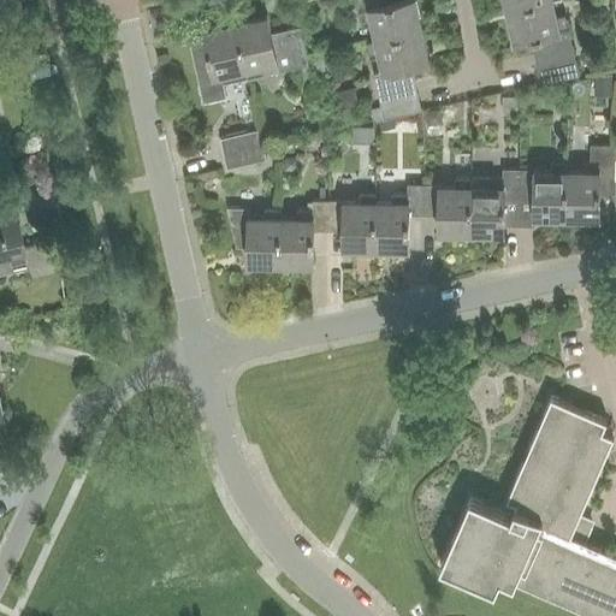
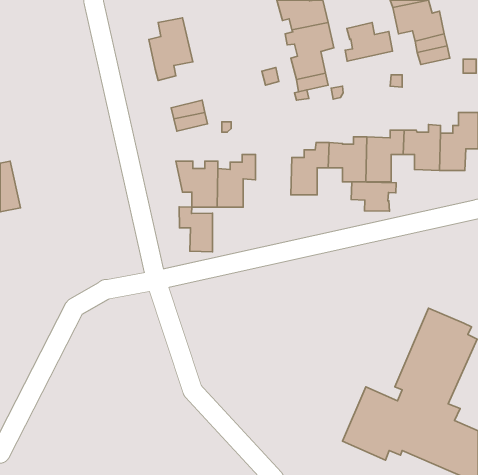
building: [235,20,308,84] -> none
building: none -> [345,23,393,61]
building: [328,196,375,255] -> none
building: none -> [351,182,396,211]
building: none -> [179,207,213,252]

